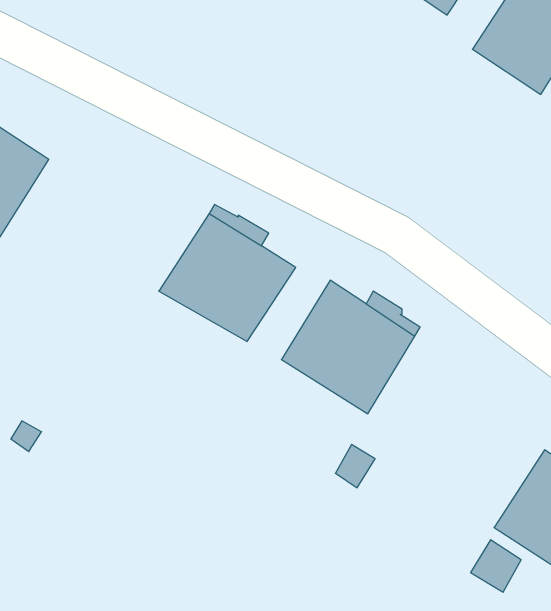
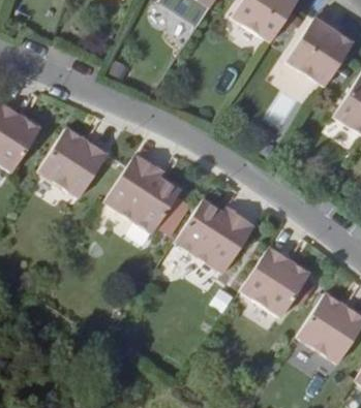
building: none -> [37,127,109,198]
building: none -> [240,246,310,317]

